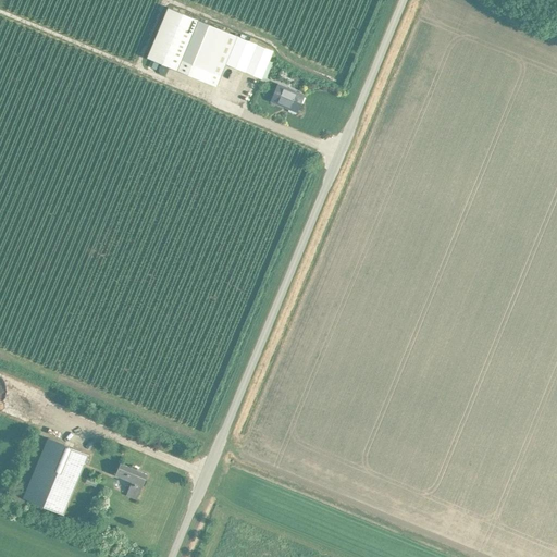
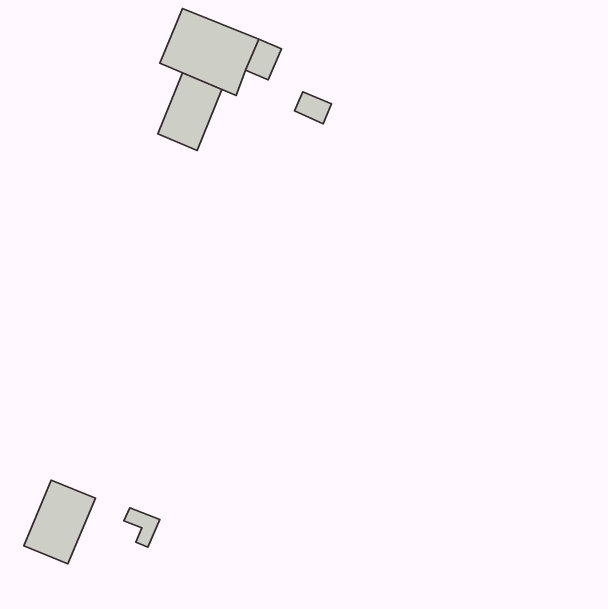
building: [245,45,271,78] -> none
building: none -> [158,73,222,150]

